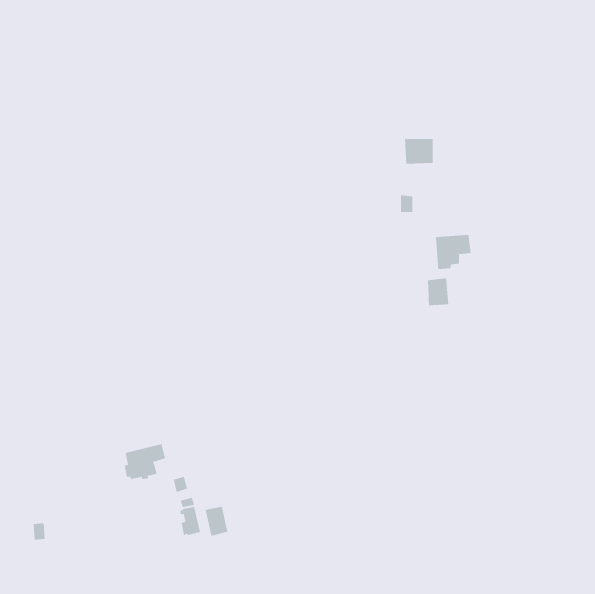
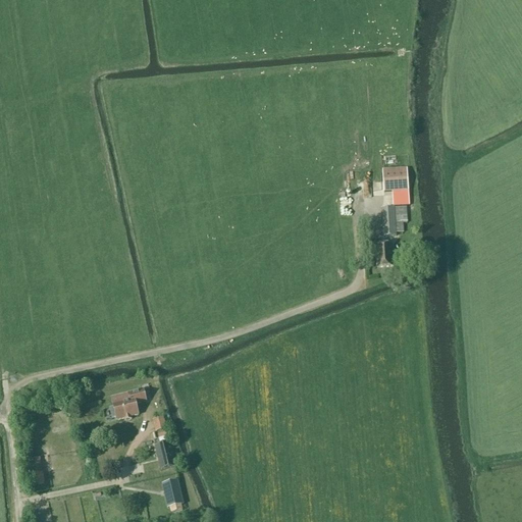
building: [404,138,433,164] -> [381,165,407,188]
building: [205,506,228,537] -> [162,482,182,509]

